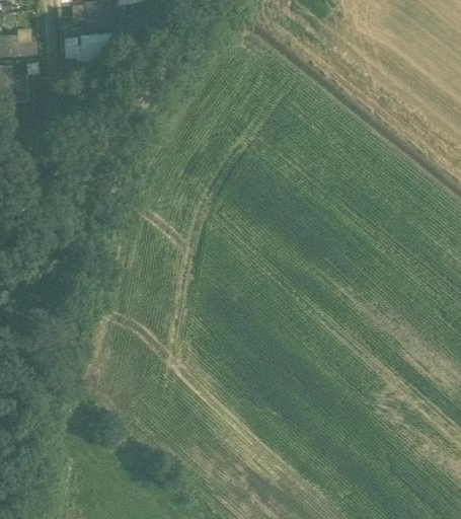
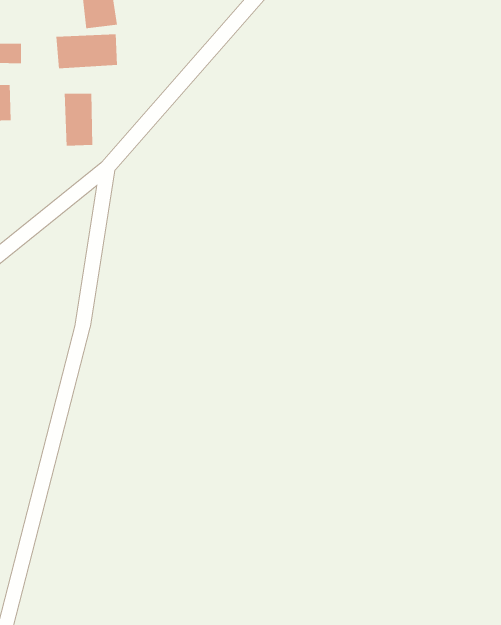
building: none -> [64,93,93,147]

